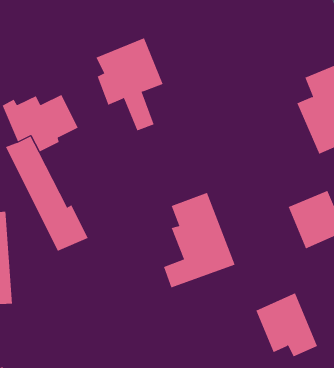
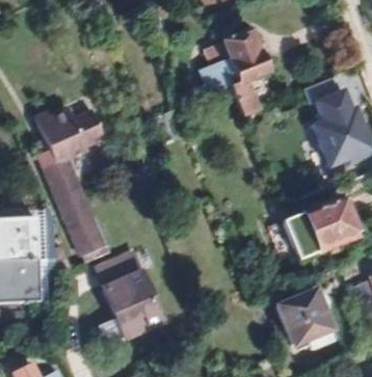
building: [96,37,163,131] -> [205,29,268,116]
building: [163,192,235,288] -> [100,255,167,345]

